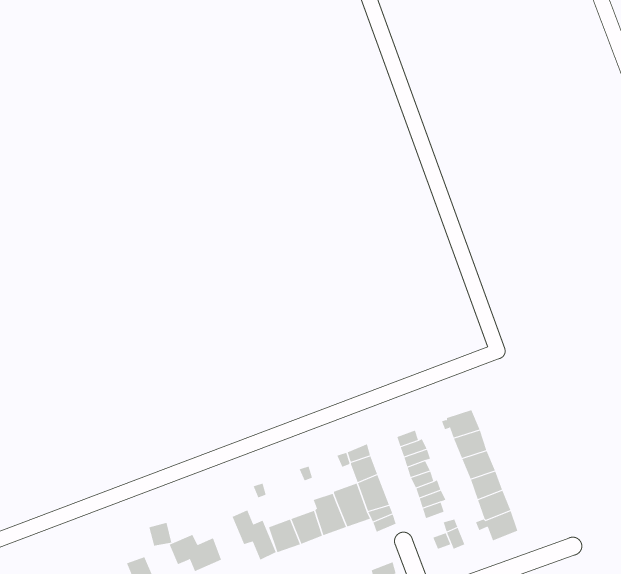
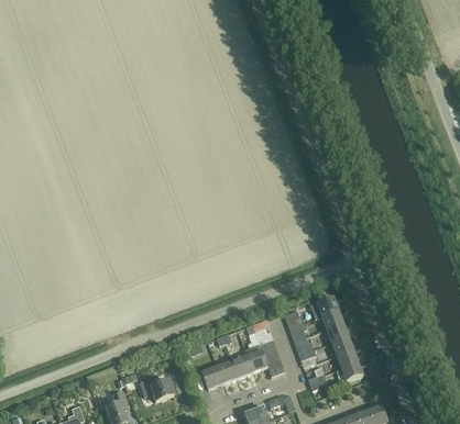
building: [232,510,277,561] -> none

